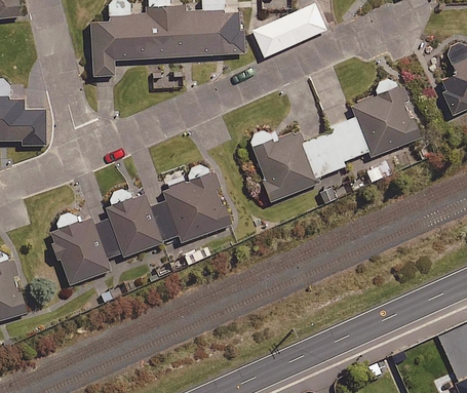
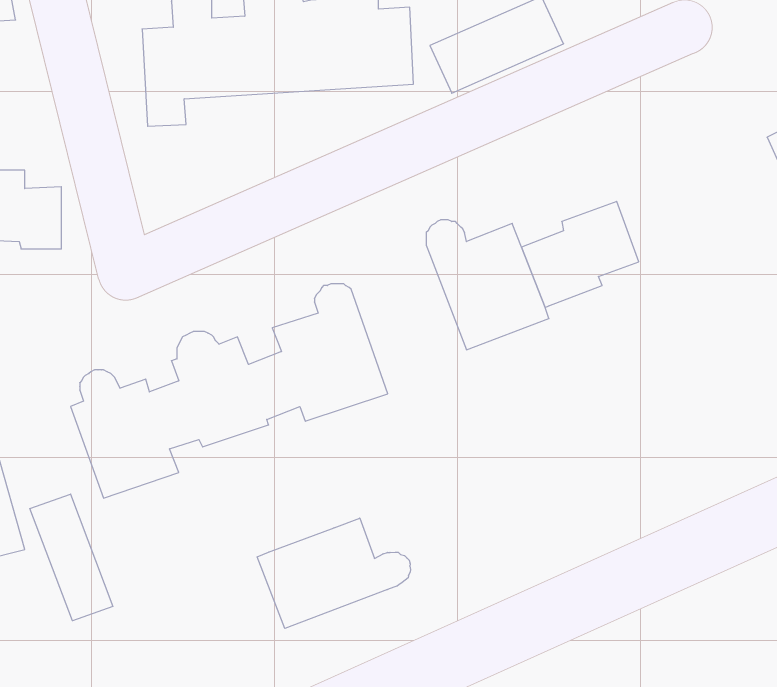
building: [350,79,419,157] -> none
building: none -> [30,494,113,621]
building: none -> [257,518,411,628]

